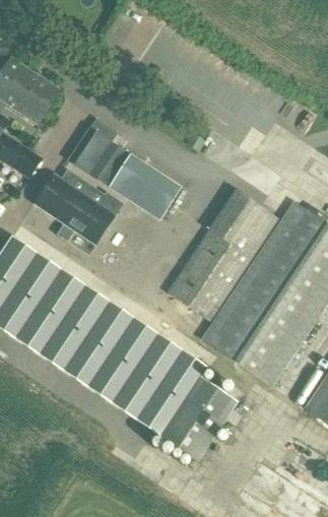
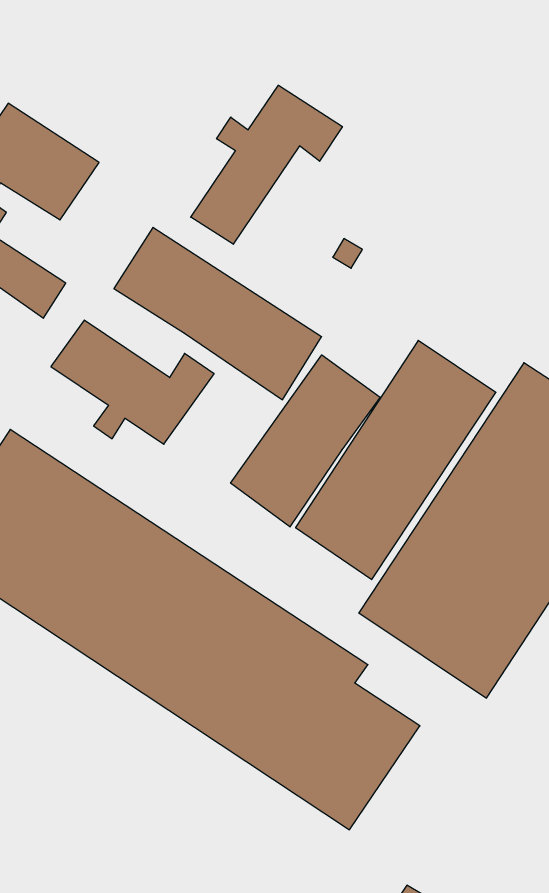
building: none -> [191,85,342,244]
building: none -> [231,355,380,527]

